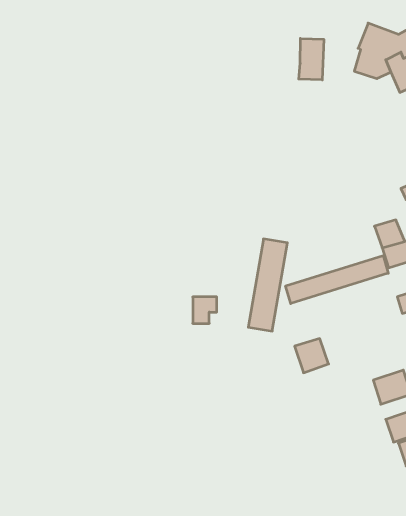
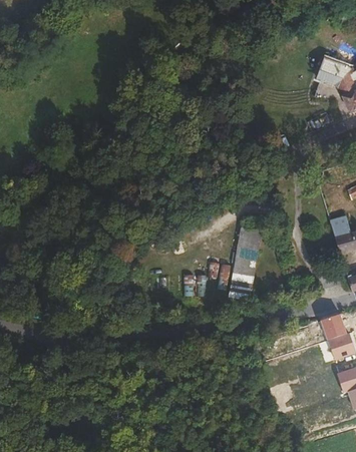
building: [299,38,324,80] -> none
building: [286,256,388,304] -> none
building: none -> [209,263,231,289]
building: [295,339,329,373] -> [321,313,348,340]

